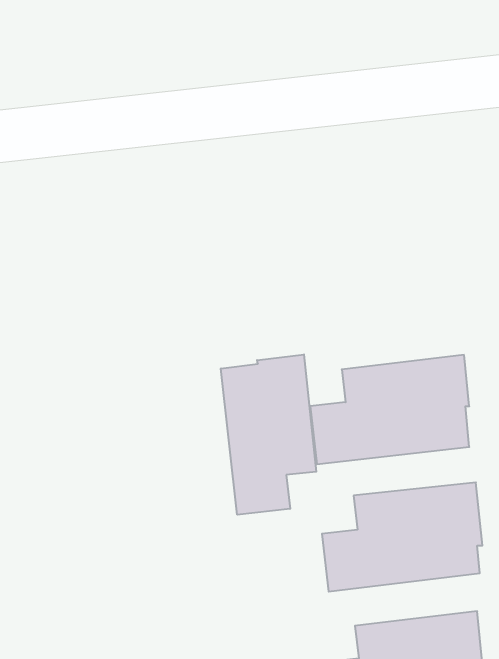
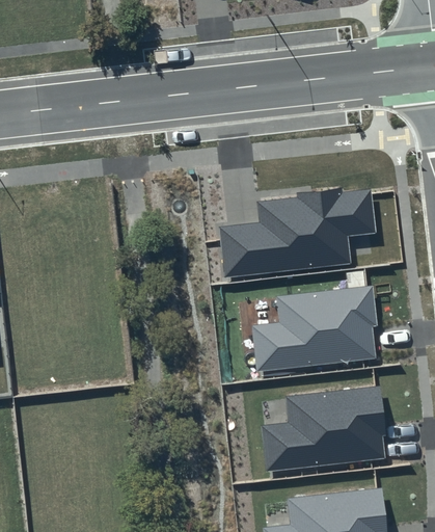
building: none -> [219,188,377,278]
building: [221,354,316,515] -> none

